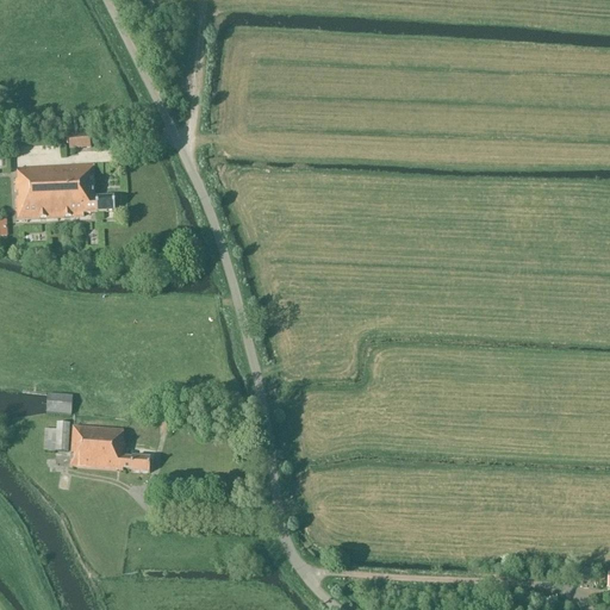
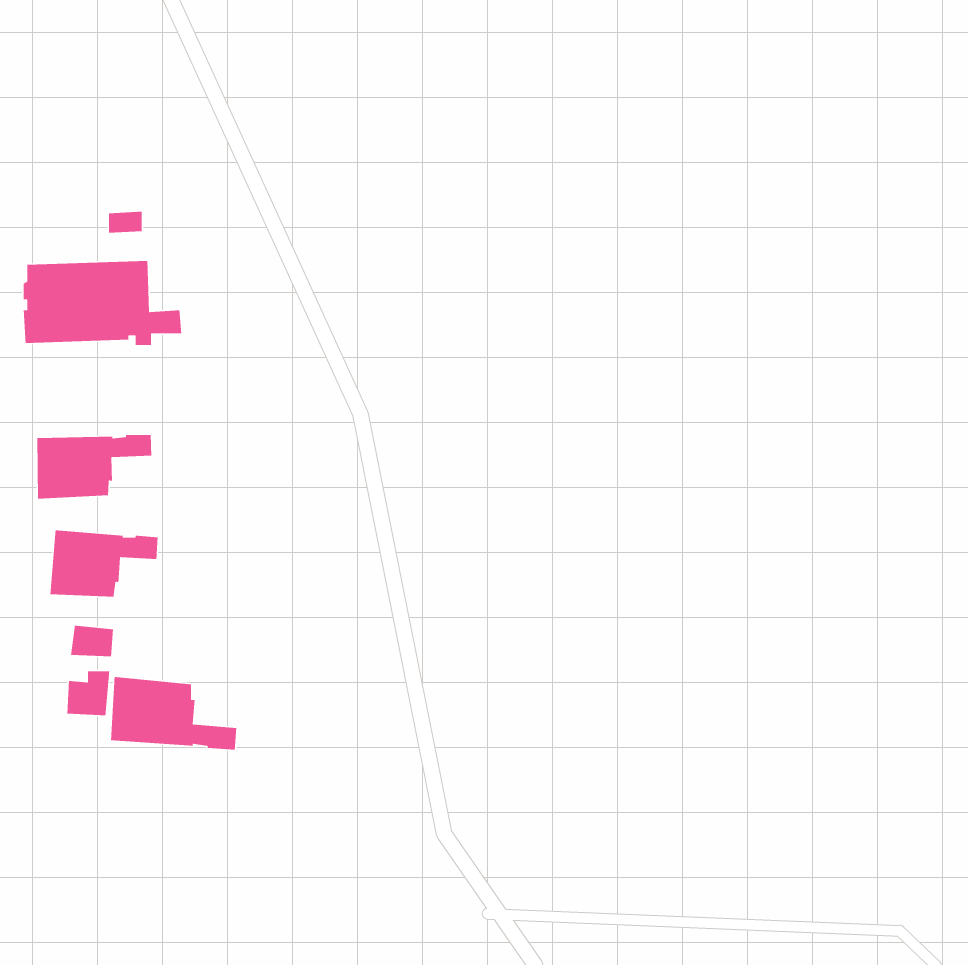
building: none -> [36,434,152,499]
building: none -> [50,530,158,598]

